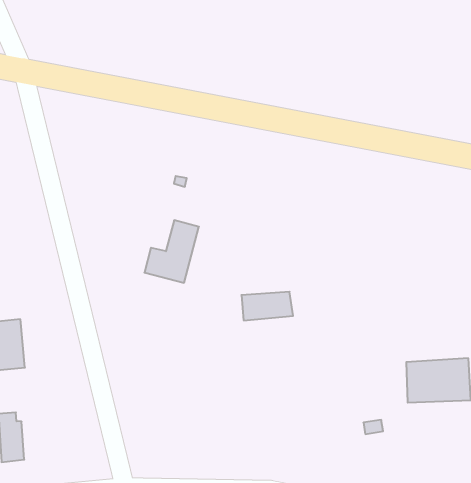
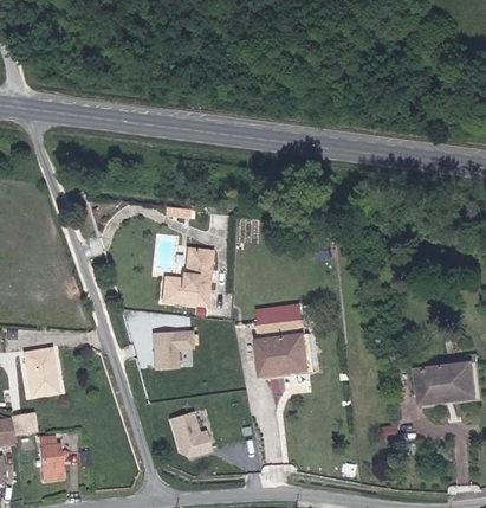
building: none -> [149,330,189,368]
building: none -> [257,329,315,377]
building: none -> [164,410,209,458]

